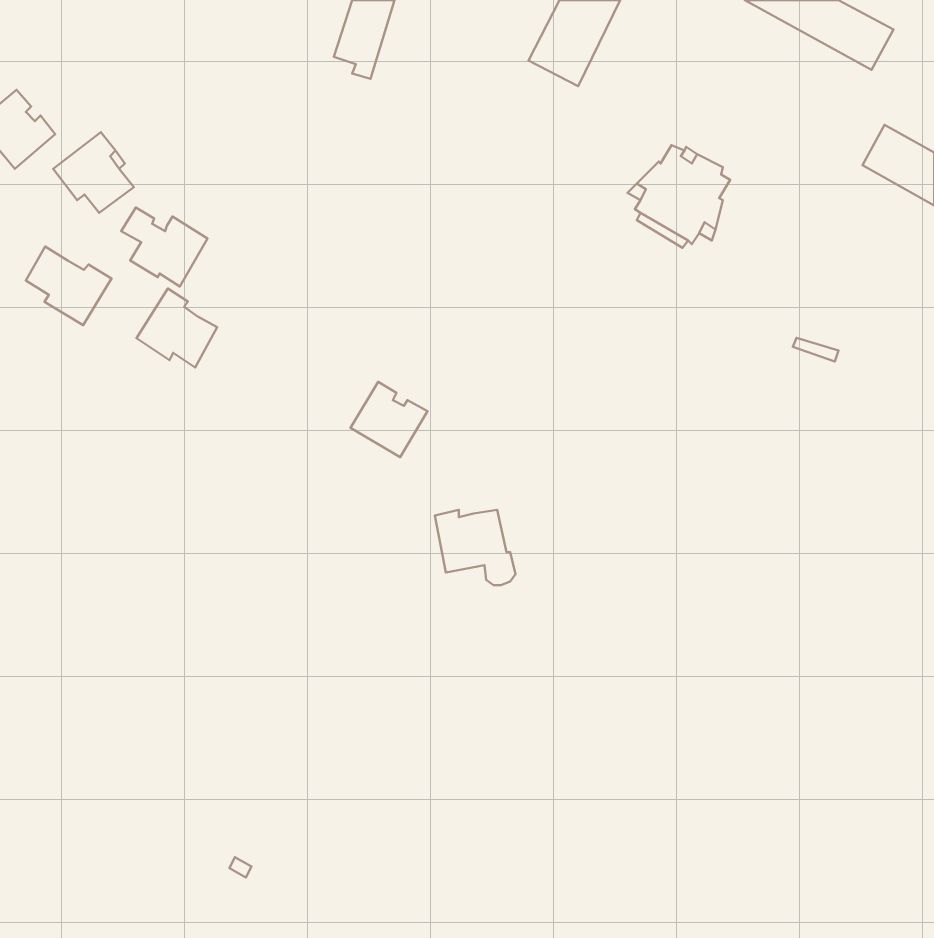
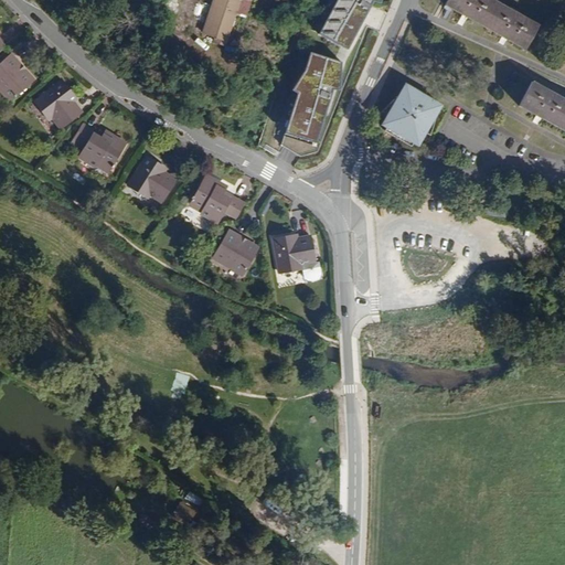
building: none -> [282,55,345,162]
building: [26,246,111,325] -> none
building: [137,289,217,367] -> [126,156,174,203]
building: none -> [189,175,243,222]
building: [435,510,516,585] -> [271,235,320,280]

